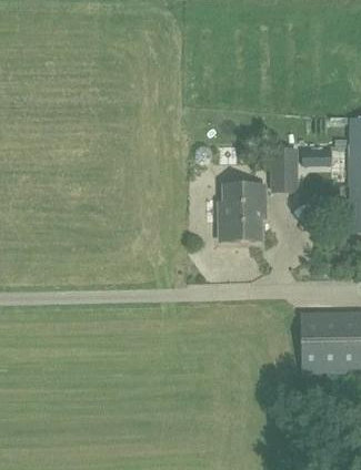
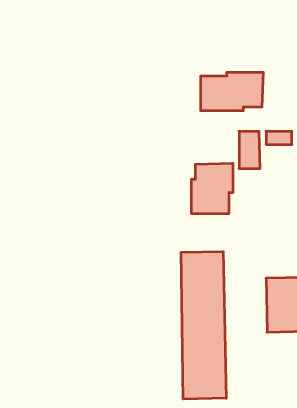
building: none -> [201,72,263,111]
building: none -> [181,252,226,399]

